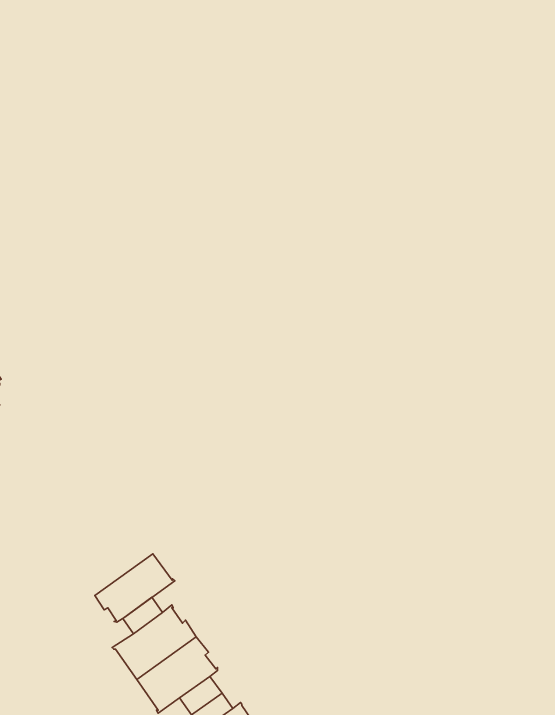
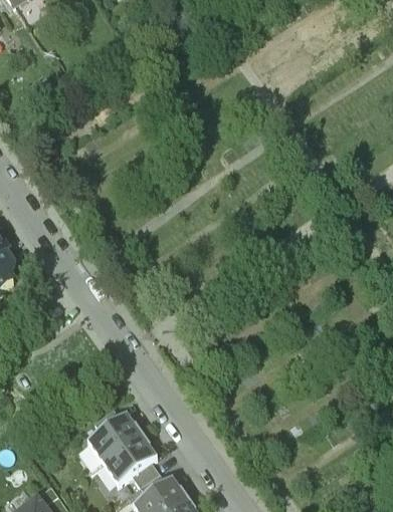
building: [95,554,175,622] -> none

